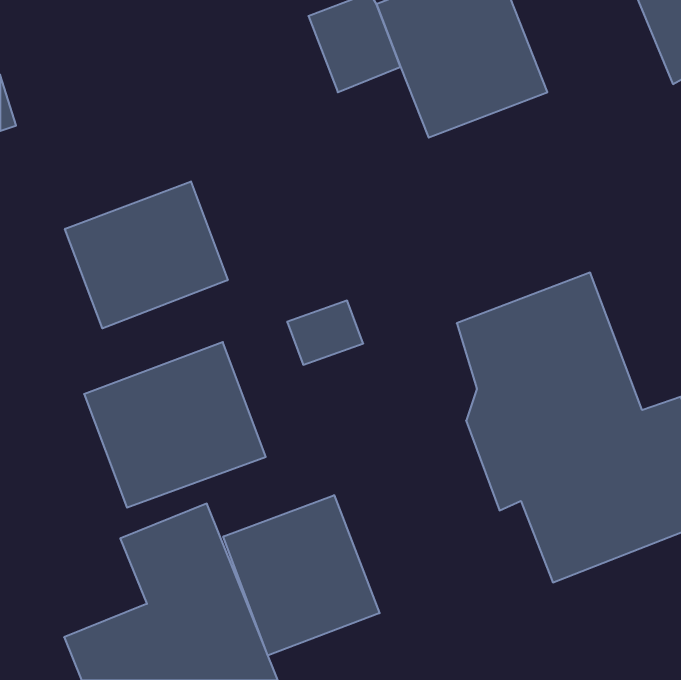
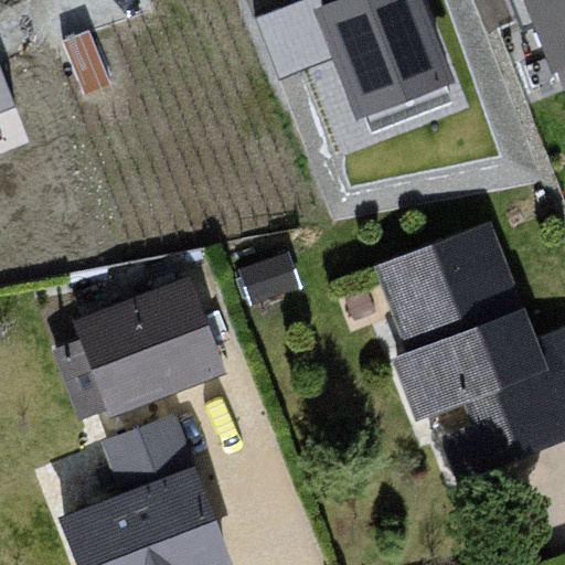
building: [65,181,228,328] -> none
building: [223,495,380,655] -> none

